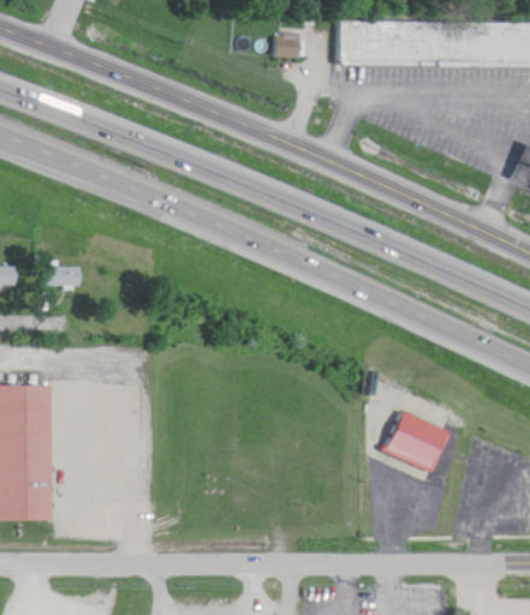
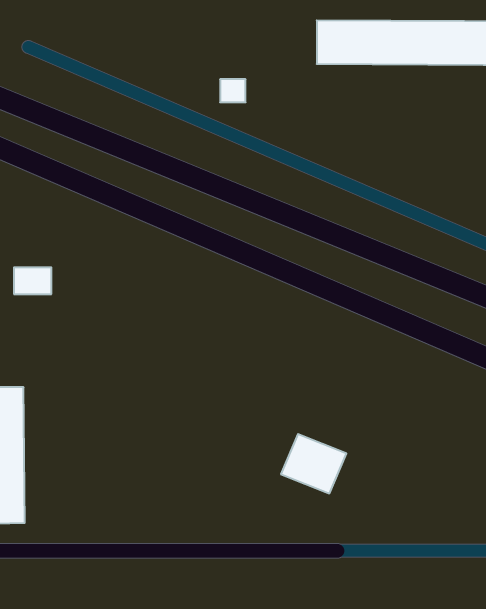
building: [279,34,304,56] -> [220,79,246,102]
building: [388,410,453,468] -> [281,434,346,493]

